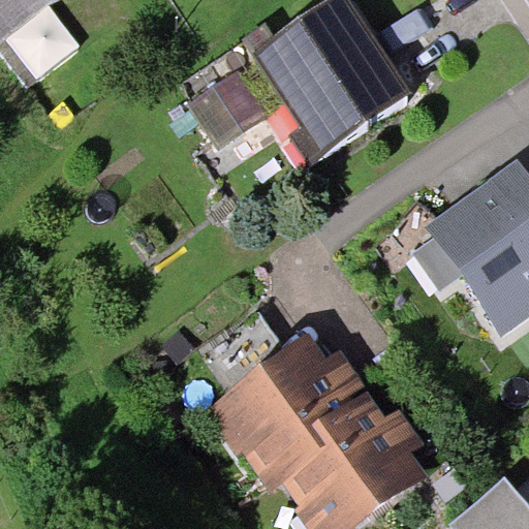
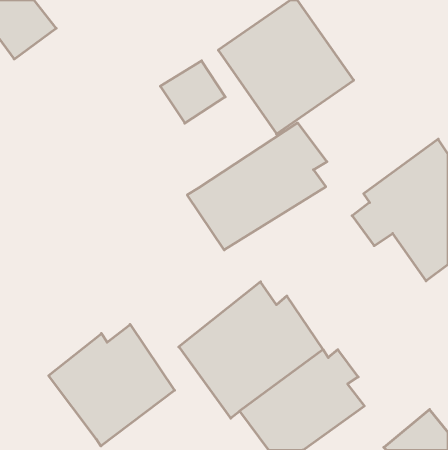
building: none -> [187,123,327,250]
building: none -> [49,324,175,446]

